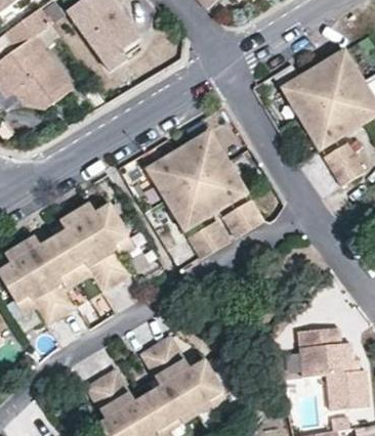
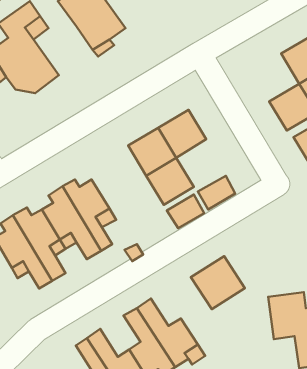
building: [280,68,332,120] -> none
building: [198,161,250,213] -> none
building: none -> [191,256,245,309]

